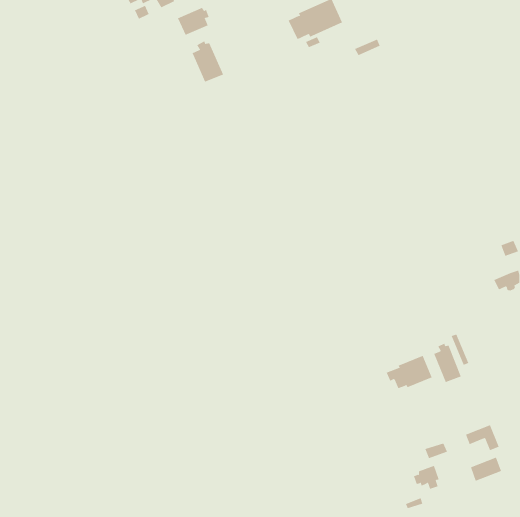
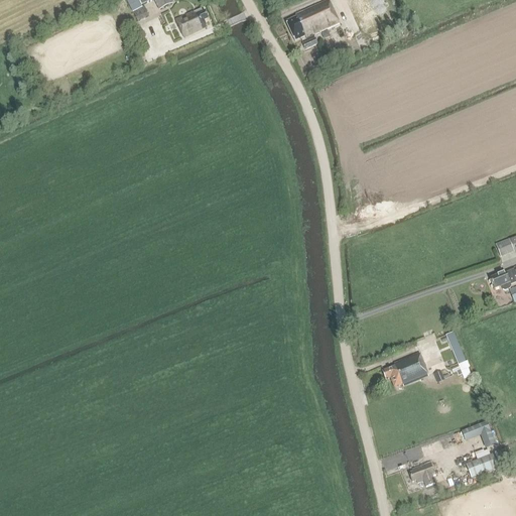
building: [192,41,224,83] -> none
building: [434,343,462,383] -> none

